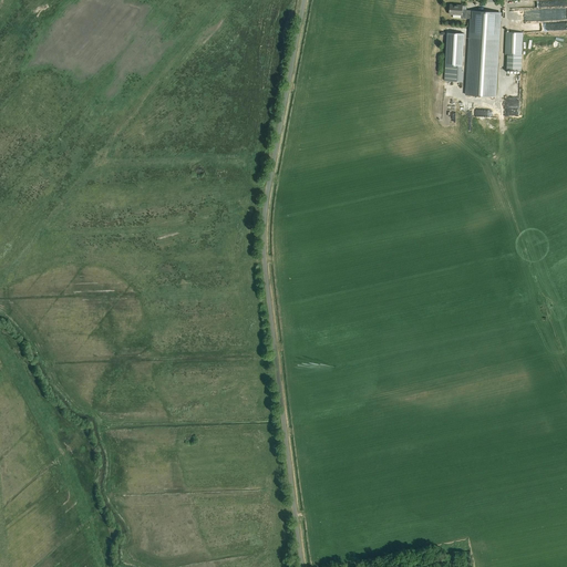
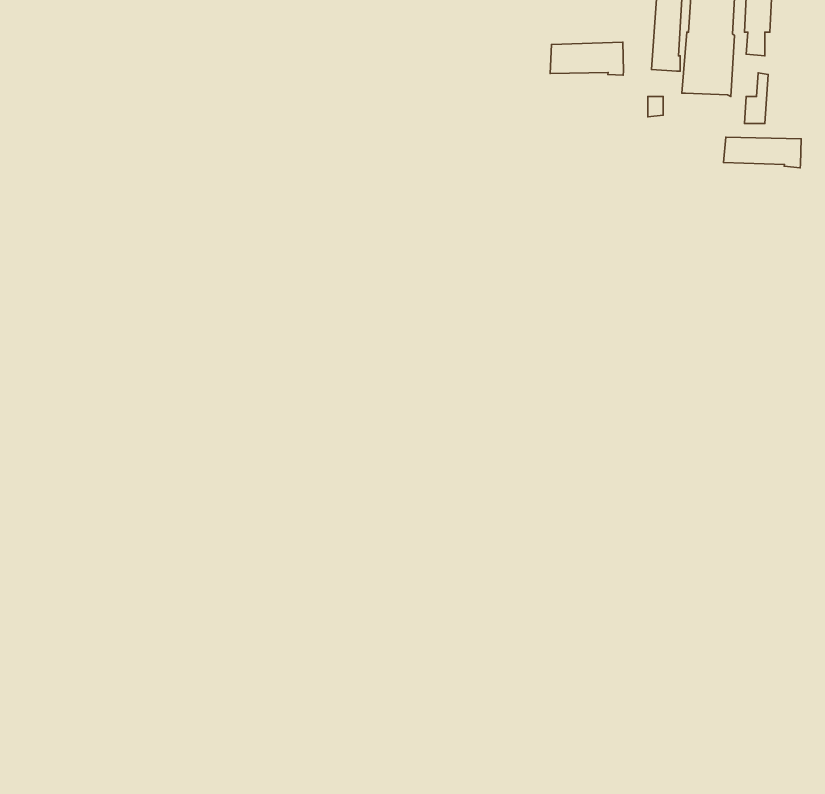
building: none -> [550,42,623,75]
building: none -> [724,137,801,168]

